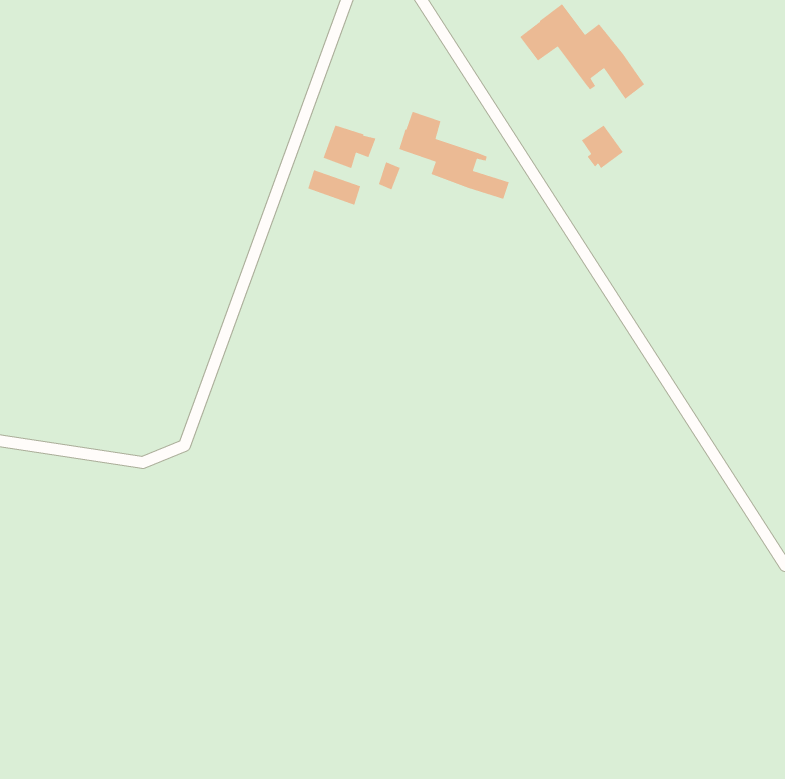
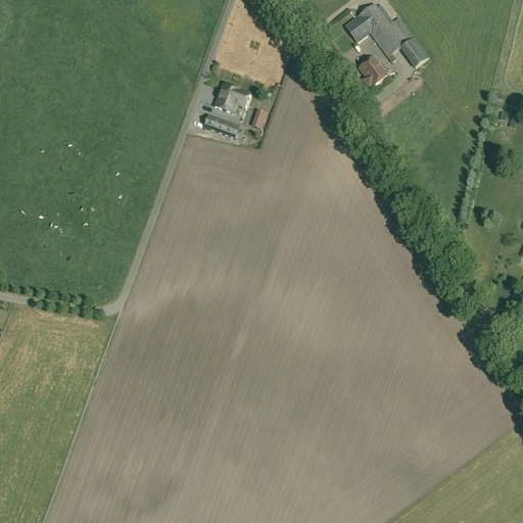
building: [398,111,510,200] -> none
building: [581,125,624,169] -> [360,55,388,85]

